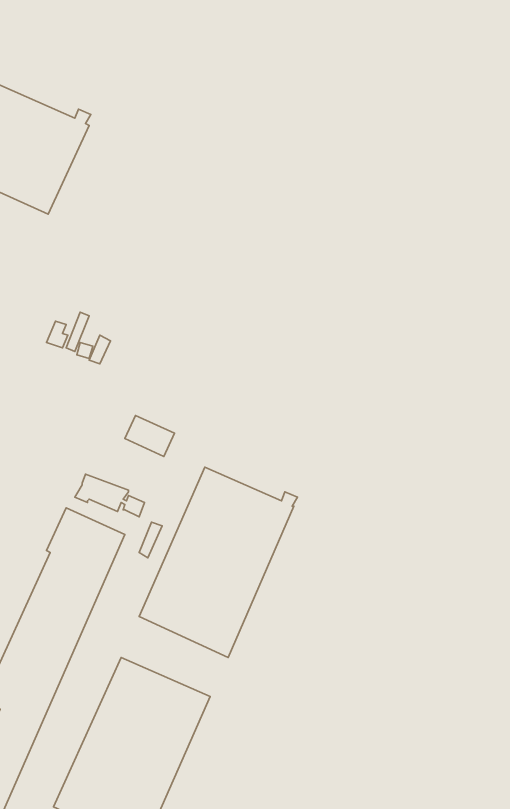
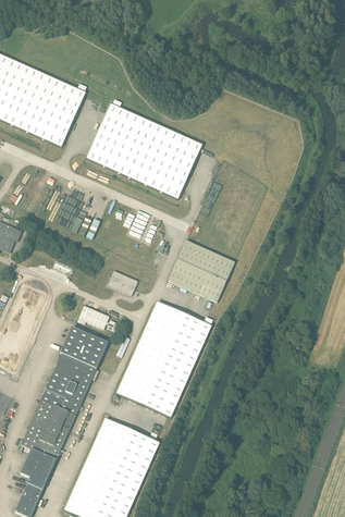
building: none -> [86,98,202,198]
building: none -> [168,238,235,300]

